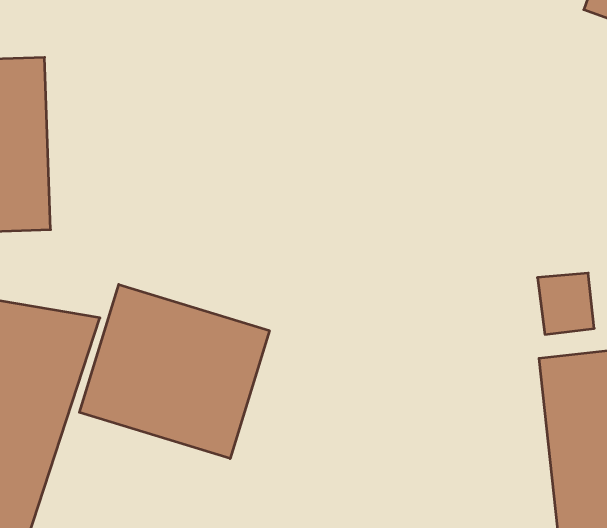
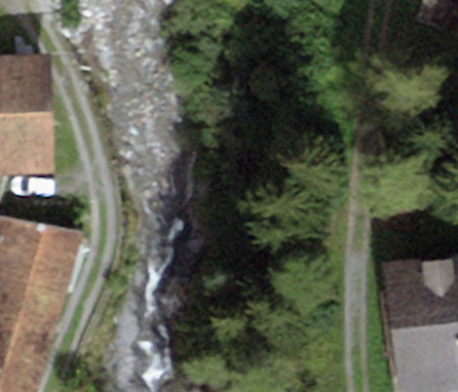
building: [79,284,269,459] -> none

